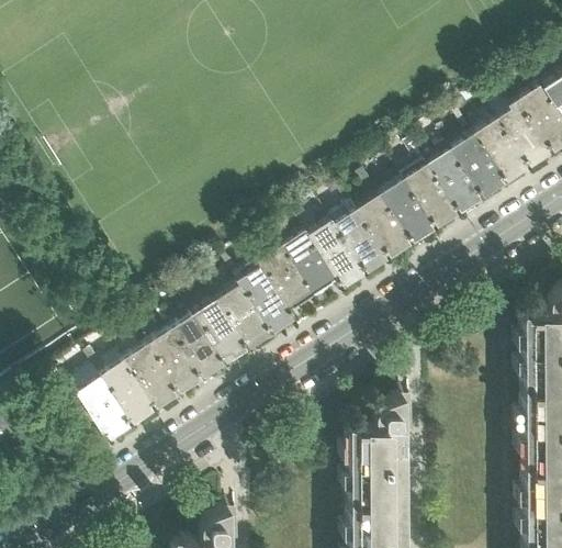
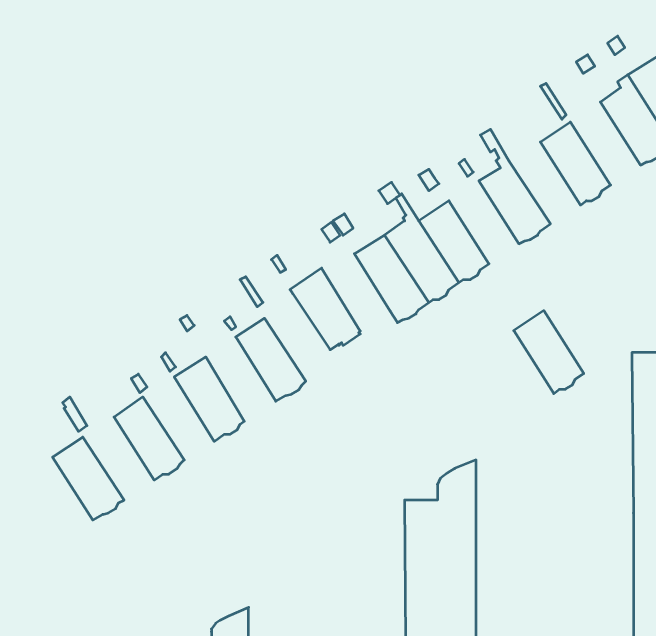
building: [479,116,532,180] -> none
building: [431,139,486,210] -> none
building: [385,177,439,241] -> [514,311,584,394]
building: [288,230,340,293] -> none
building: [243,264,300,331] -> none
building: [199,297,252,361] -> none
building: [150,327,205,391] -> none
building: [104,332,159,422] -> none

